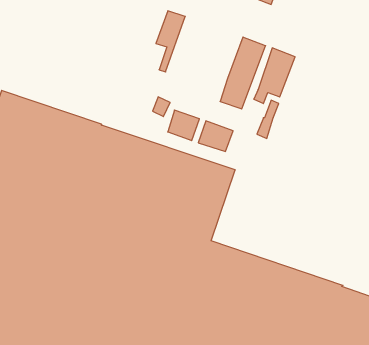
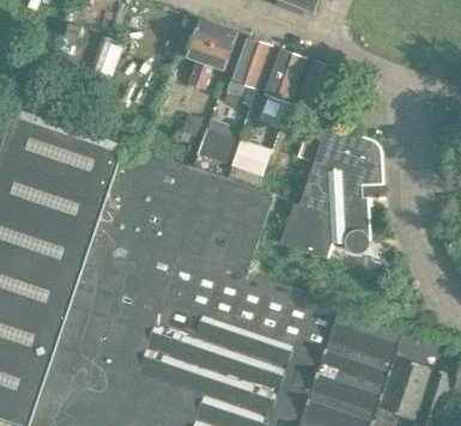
building: none -> [196,26,237,90]
building: none -> [228,37,273,96]
building: none -> [280,124,383,258]

